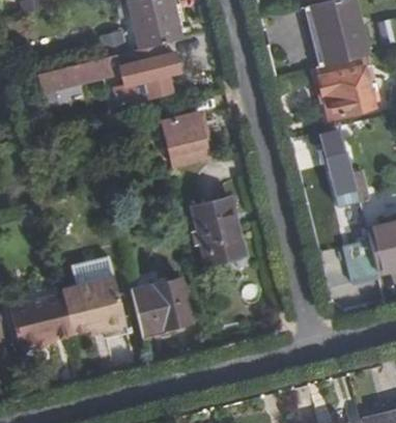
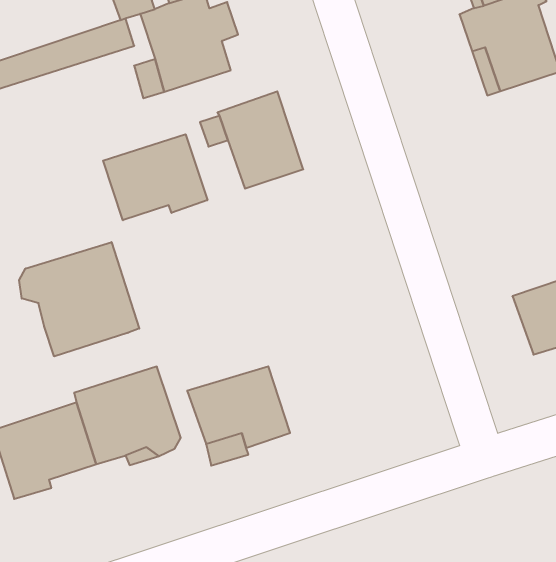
building: none -> [103,134,207,220]
building: [316,131,360,206] -> none
building: none -> [19,242,139,356]
building: [193,196,248,263] -> none

